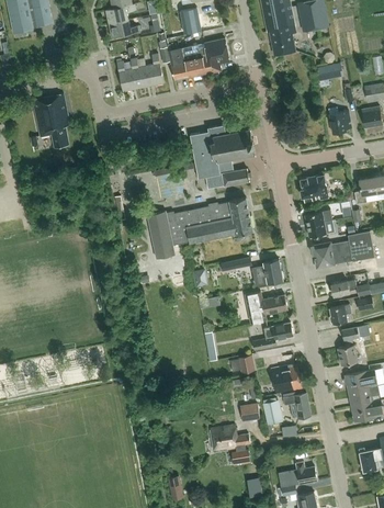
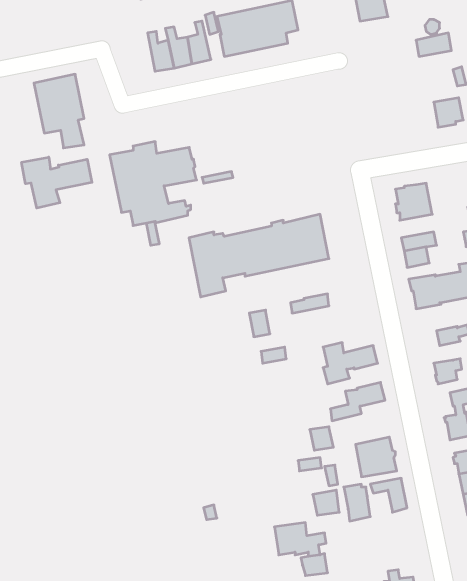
building: [190,125,255,188] -> [110,142,197,226]
building: none -> [22,157,92,208]
building: [251,259,282,285] -> none

